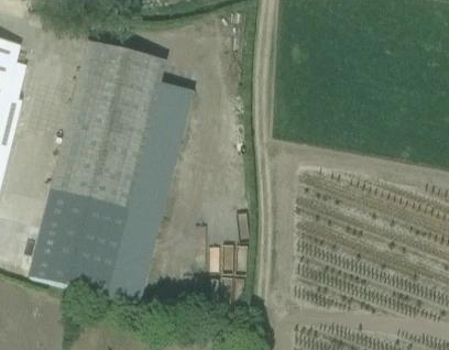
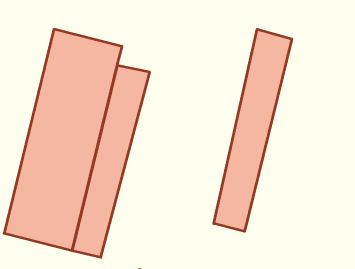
building: none -> [214,29,292,231]

